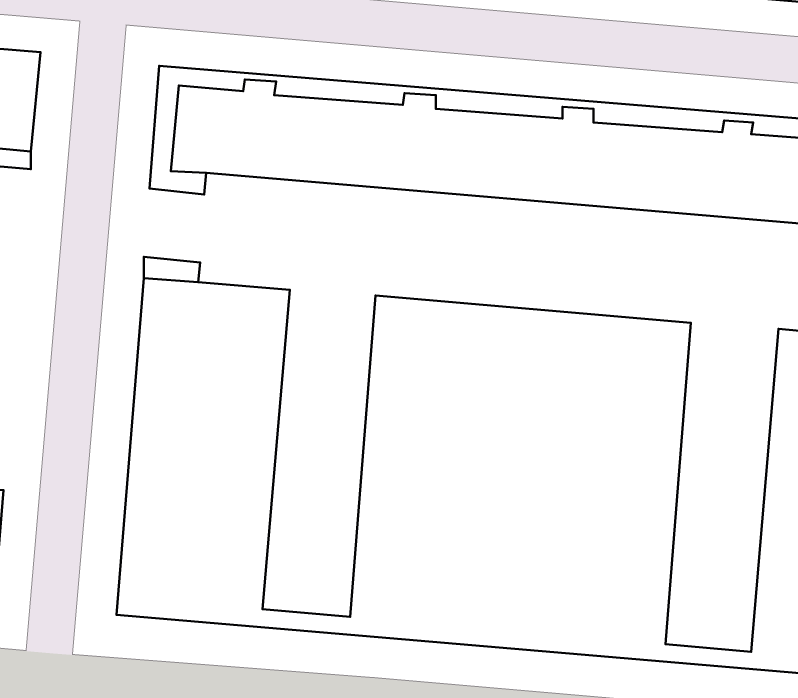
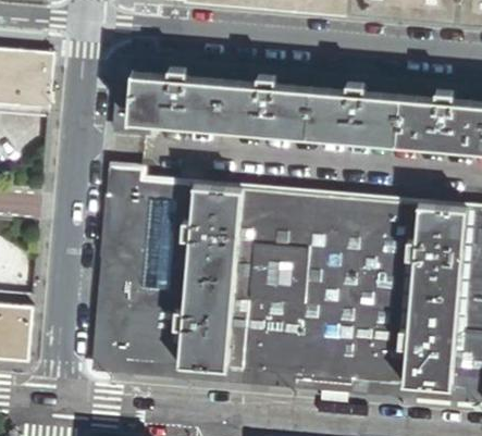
building: none -> [178,187,242,370]
building: none -> [404,205,467,389]

